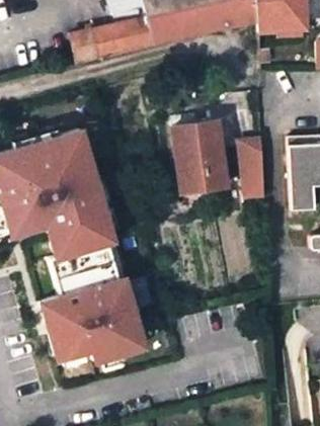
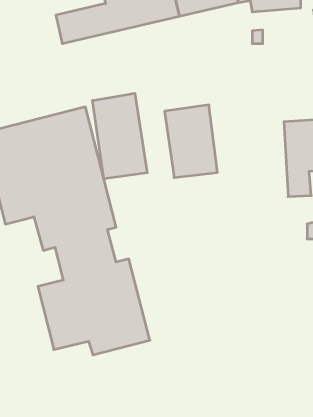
building: none -> [93,93,147,179]
building: [233,138,266,200] -> none

